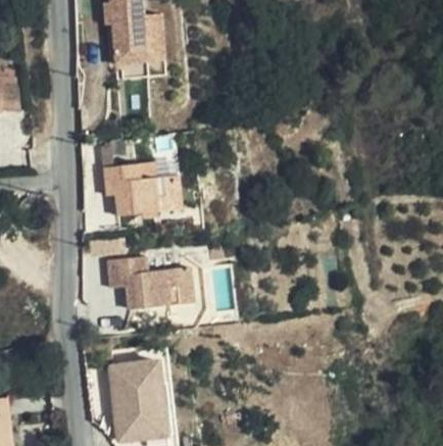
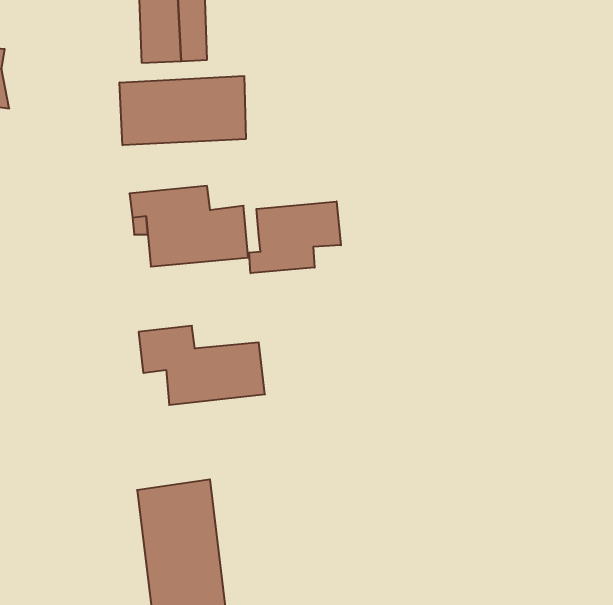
building: none -> [120,76,246,145]
building: none -> [249,201,341,273]

